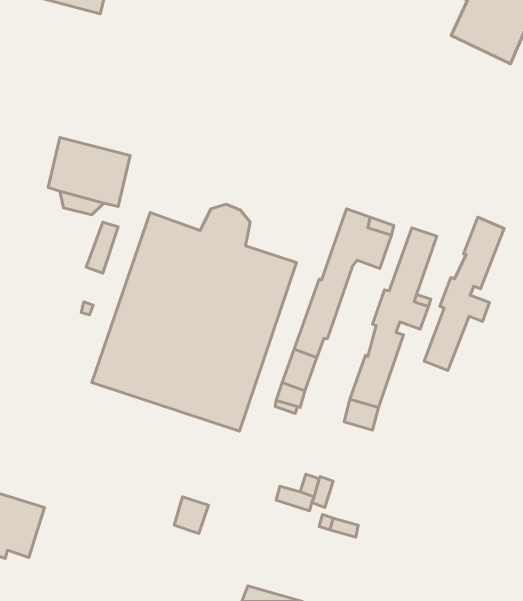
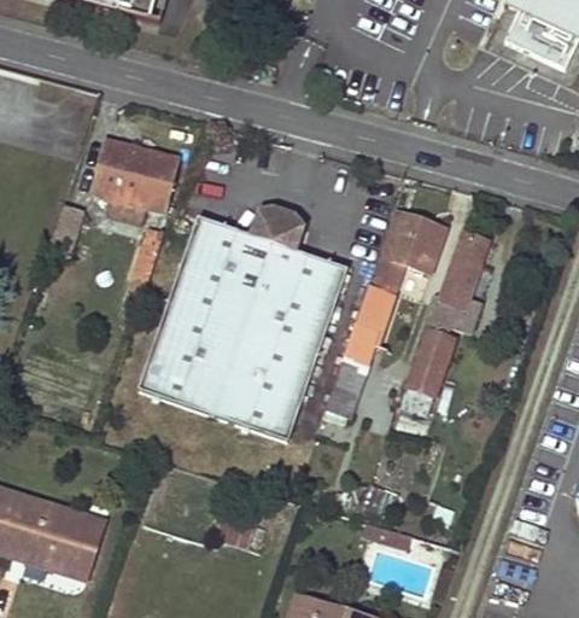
building: [424,217,504,371] -> none
building: none -> [51,515,105,578]

